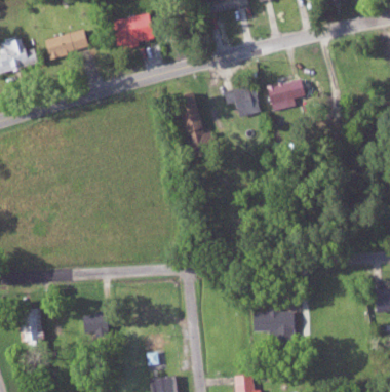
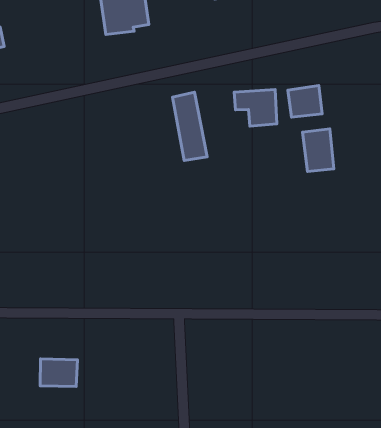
building: [45,29,90,58] -> none
building: none -> [302,129,334,172]
building: [252,311,295,343] -> none

